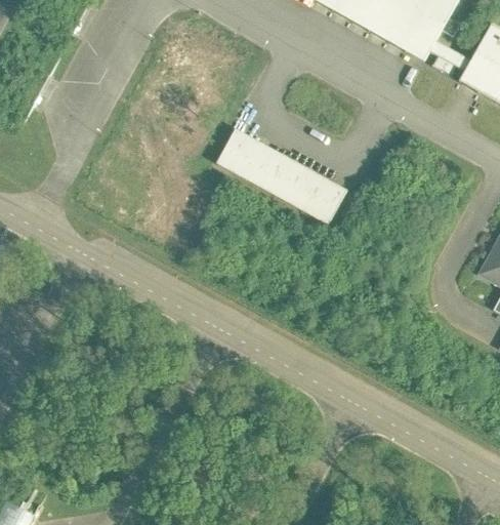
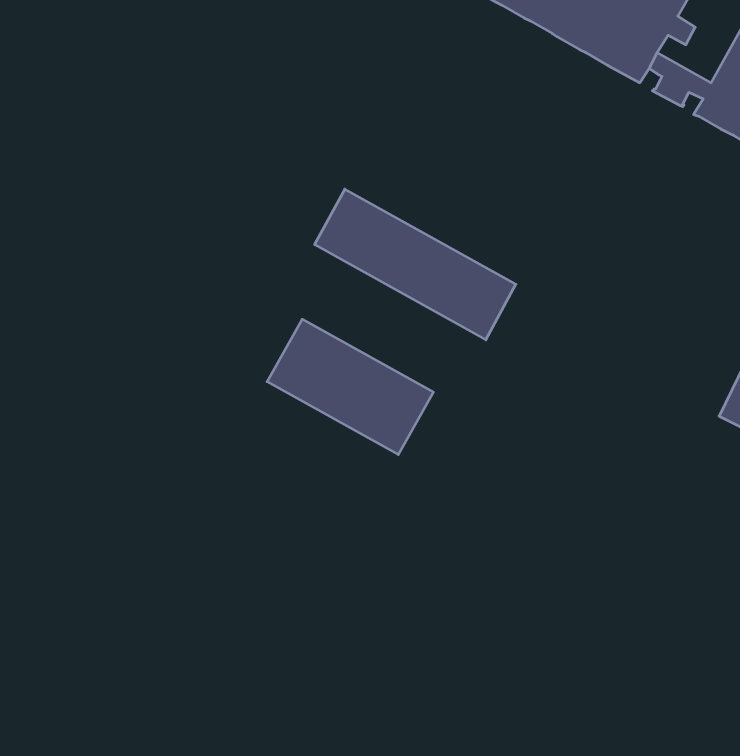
building: none -> [267,319,433,455]

